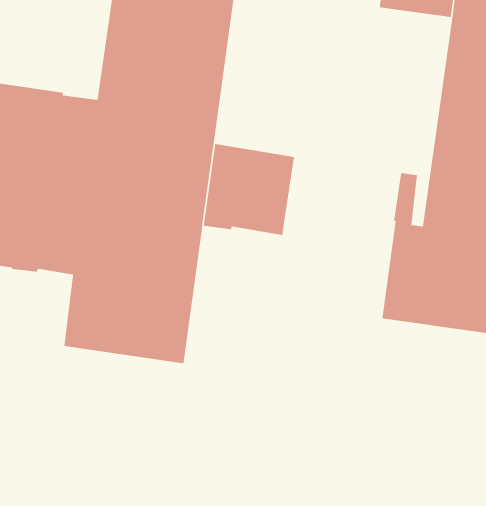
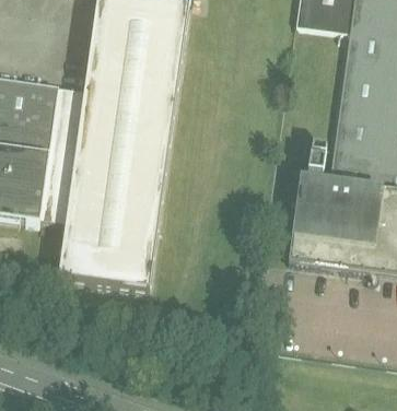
building: [203,143,295,236] -> none

